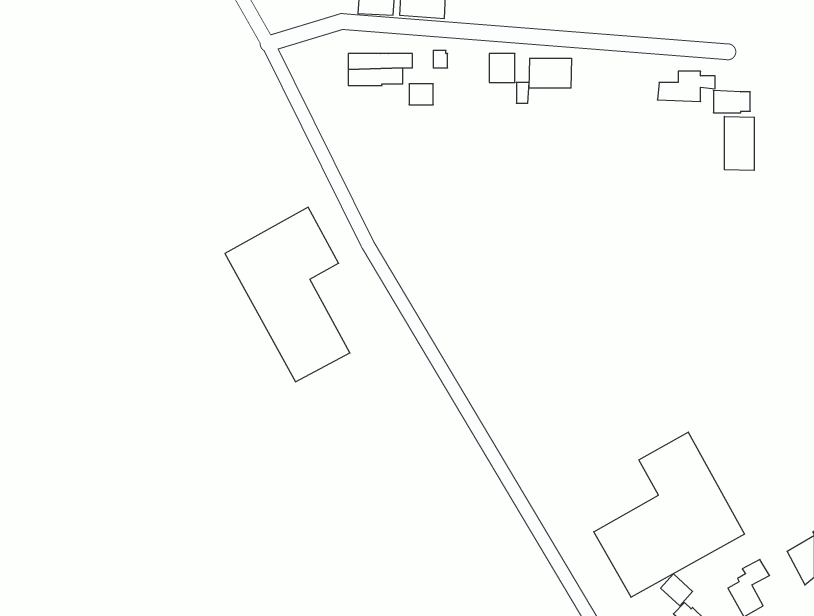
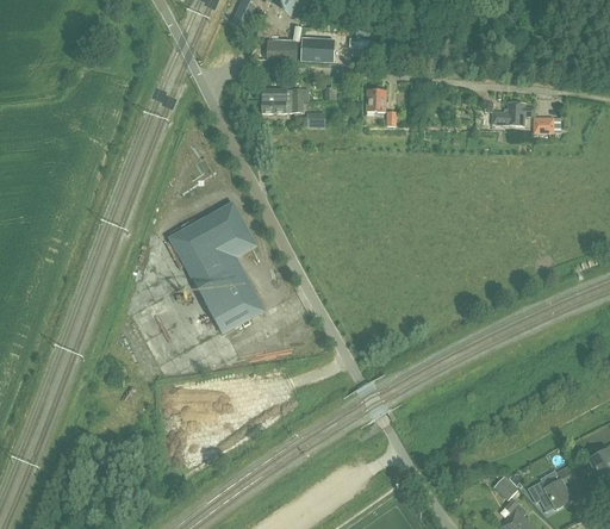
building: [529,58,571,88] -> none
building: [724,116,754,170] -> none
building: [594,432,744,597] -> none

